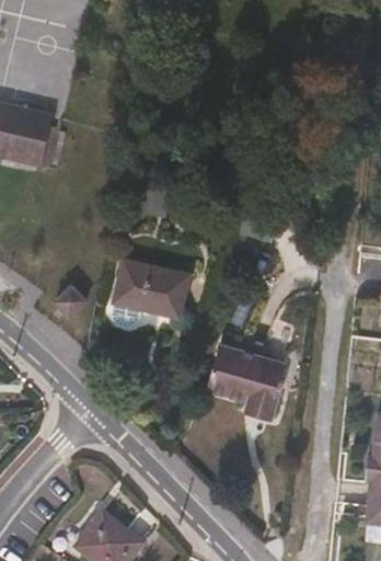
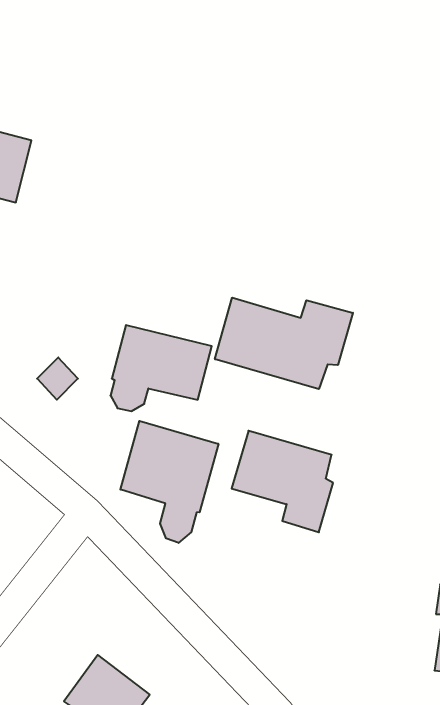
building: none -> [215,298,353,389]
building: none -> [120,421,218,543]

